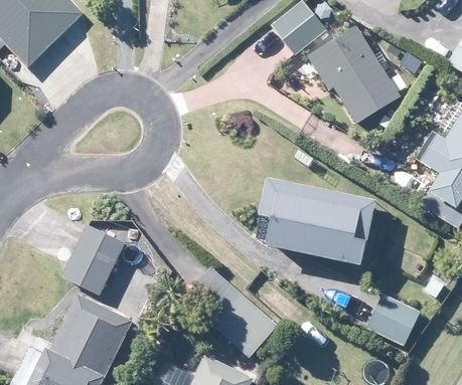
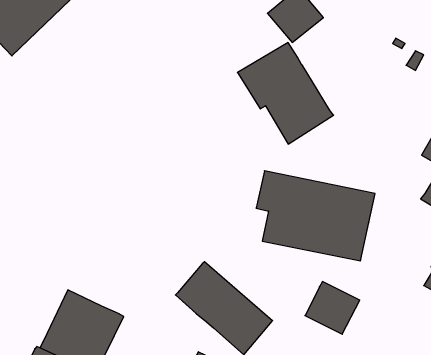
building: [308,25,402,124] -> [237,43,334,144]
building: [63,224,125,294] -> none
building: [367,293,421,344] -> [305,282,360,334]

